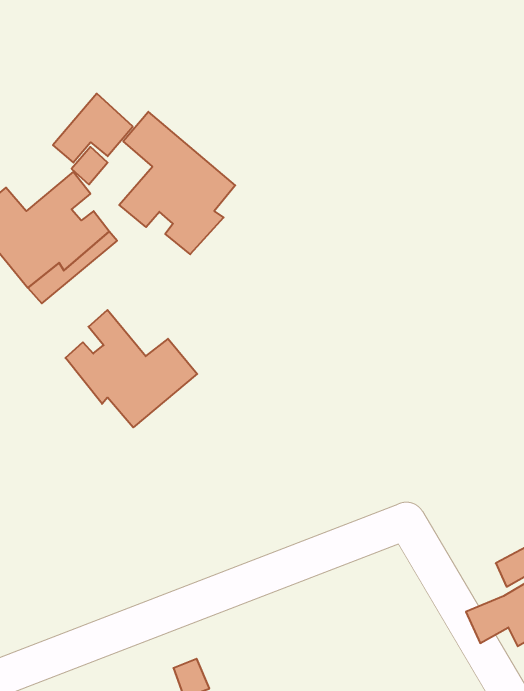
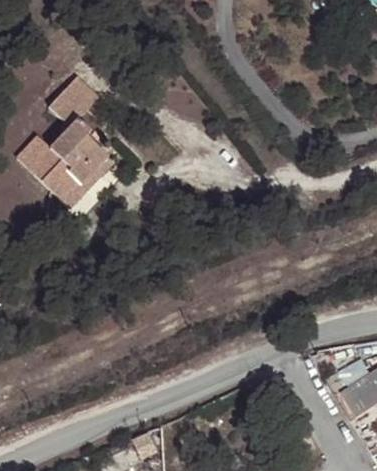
building: [119,112,235,254] -> none
building: [65,310,197,427] -> none

